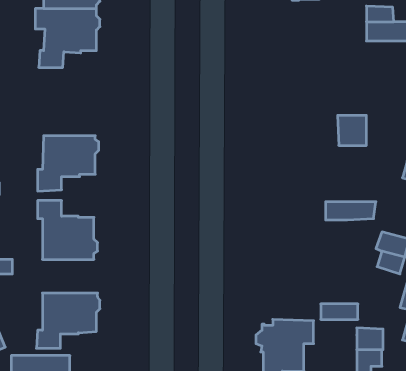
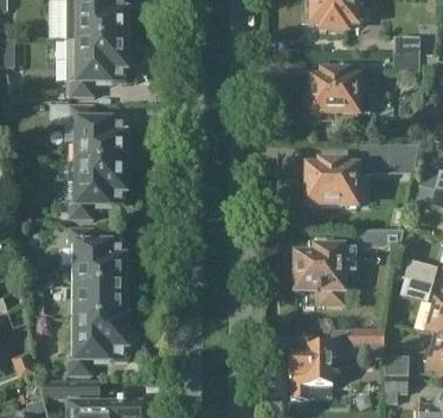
building: none -> [312,71,374,118]
building: none -> [53,104,129,163]
building: none -> [304,162,357,204]
building: none -> [296,247,354,302]
building: none -> [73,285,128,319]

